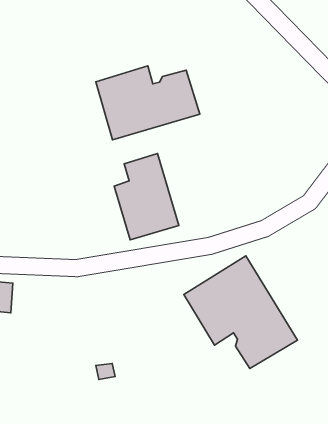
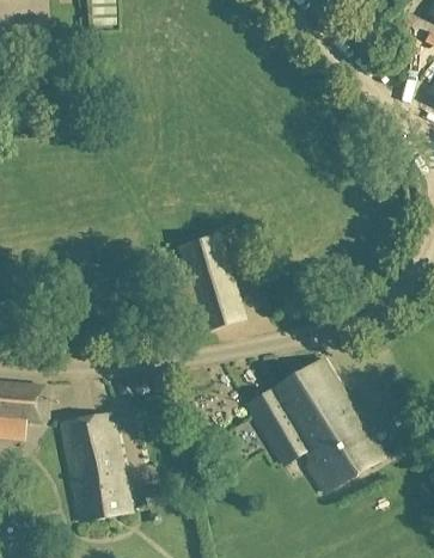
building: [96,66,200,140] -> none
building: none -> [60,413,130,521]

